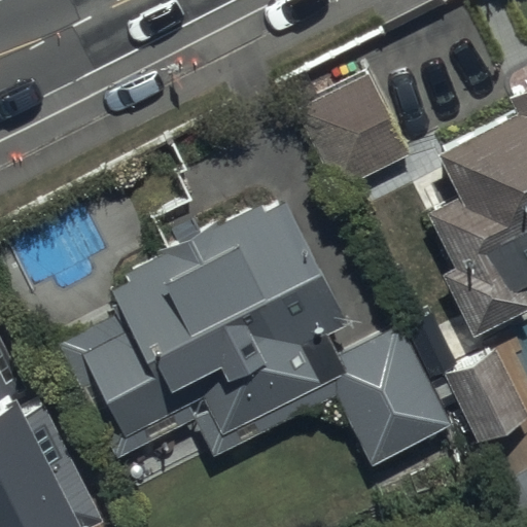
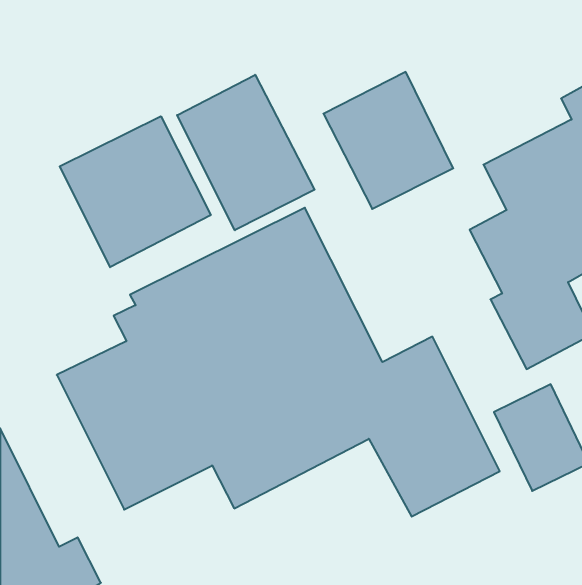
building: none -> [177,75,315,230]
building: none -> [60,116,211,267]

